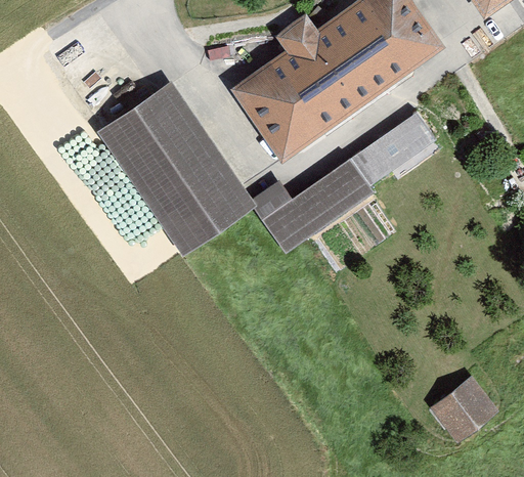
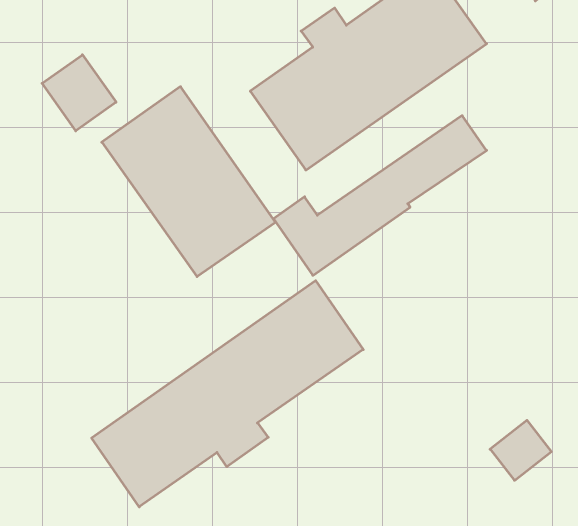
building: none -> [42,55,116,131]
building: none -> [92,281,363,507]

